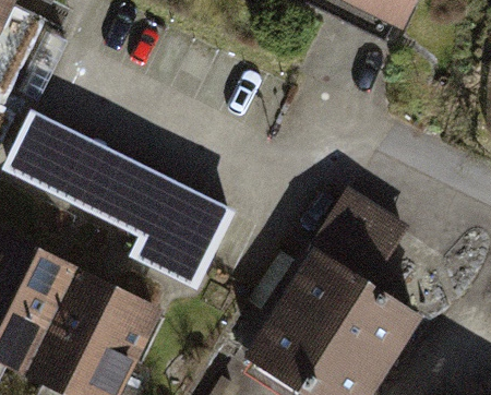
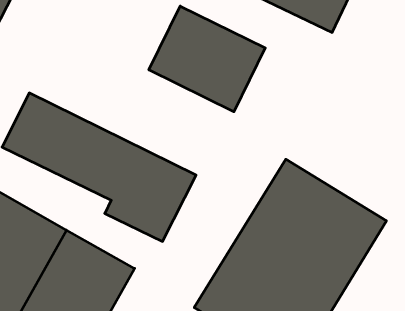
building: none -> [149,6,265,112]

